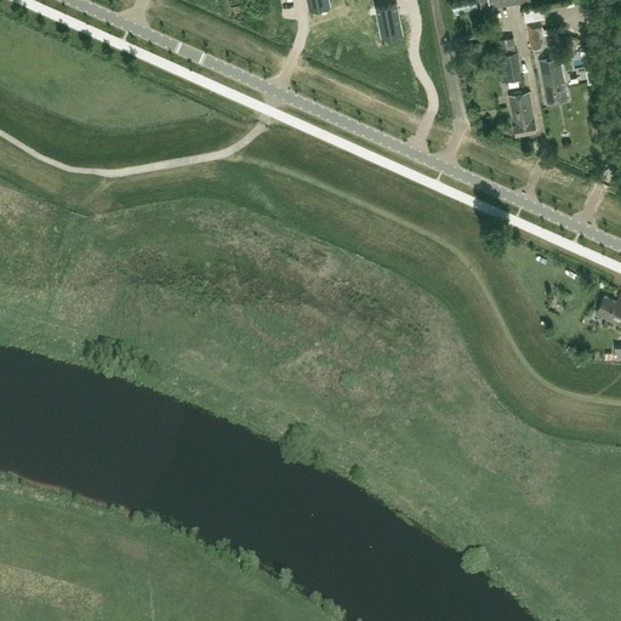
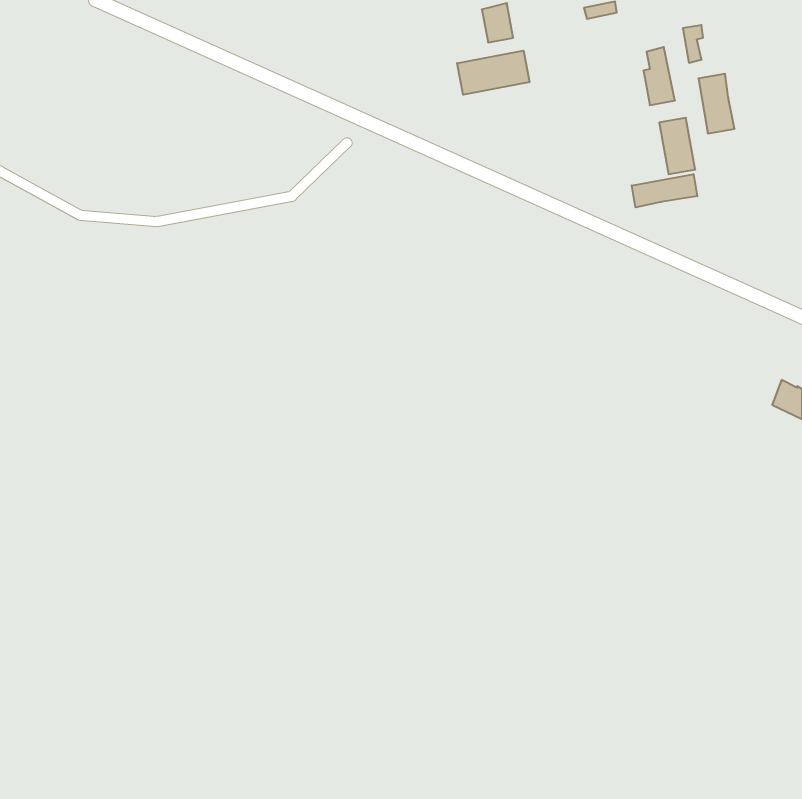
building: none -> [457,51,529,95]
building: none -> [632,174,697,207]

